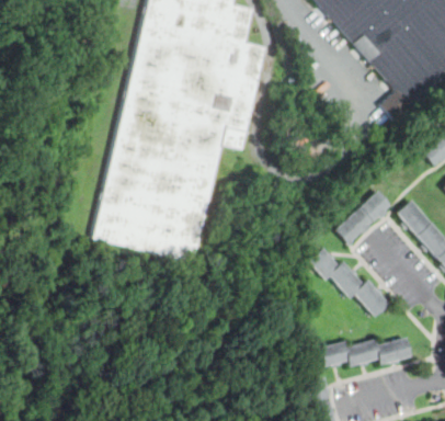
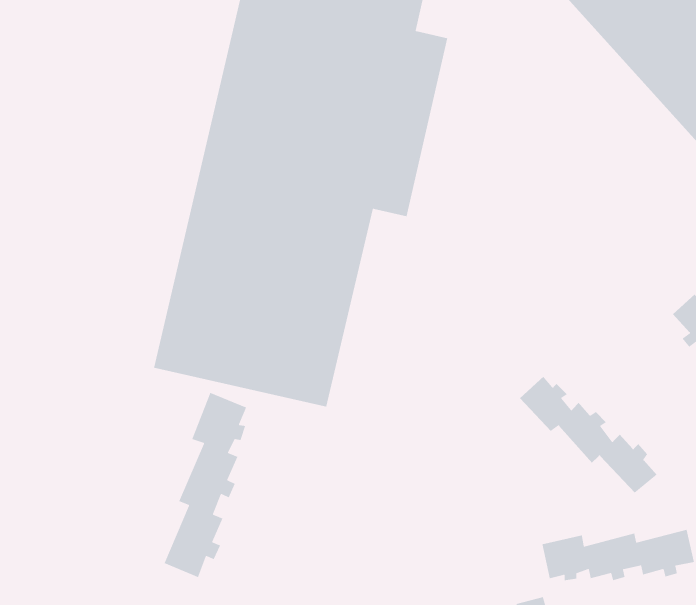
building: [334,189,390,242] -> none
building: none -> [163,392,247,578]

